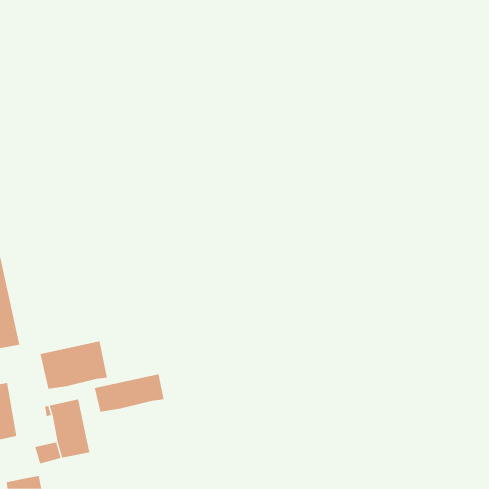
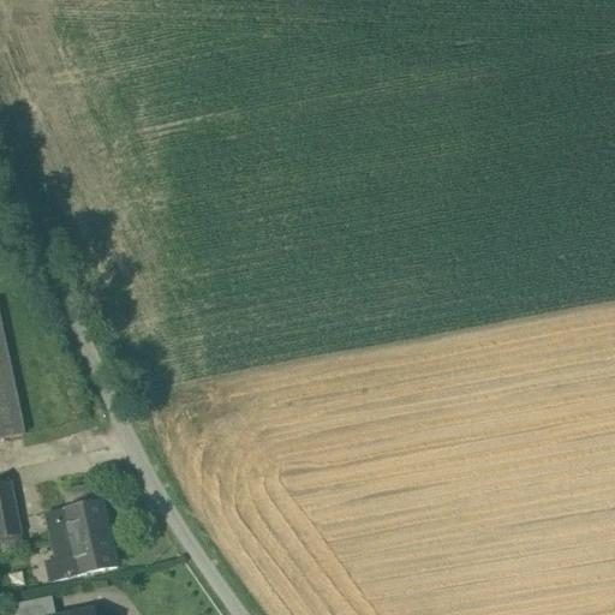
building: [40,341,107,389] -> none
building: [94,373,164,412] -> none

